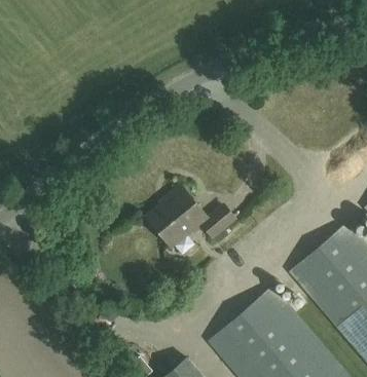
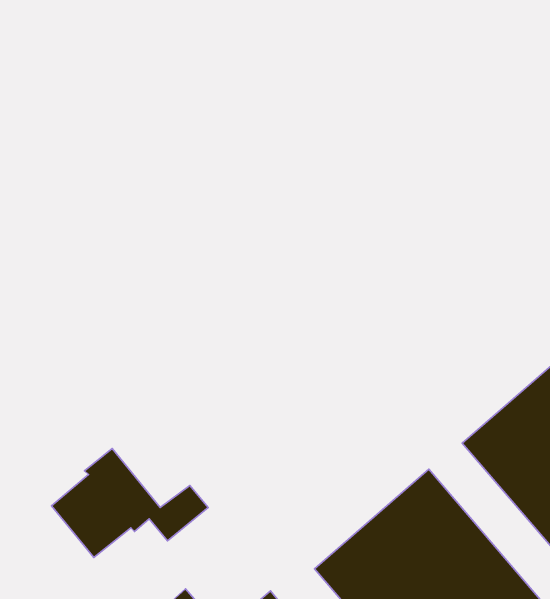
building: [146,187,233,248] -> [51,449,208,557]

